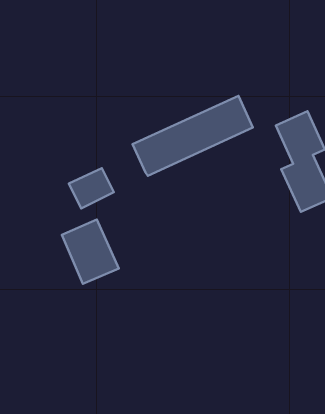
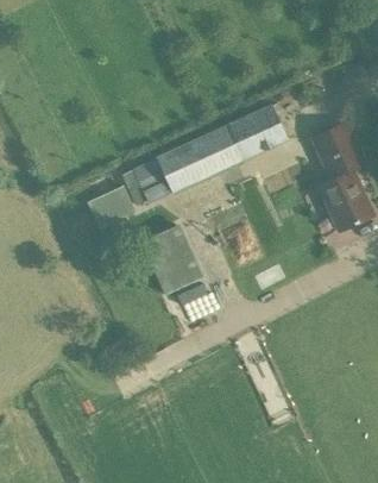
building: none -> [122,157,171,205]
building: [62,219,119,284] -> [144,221,206,291]

